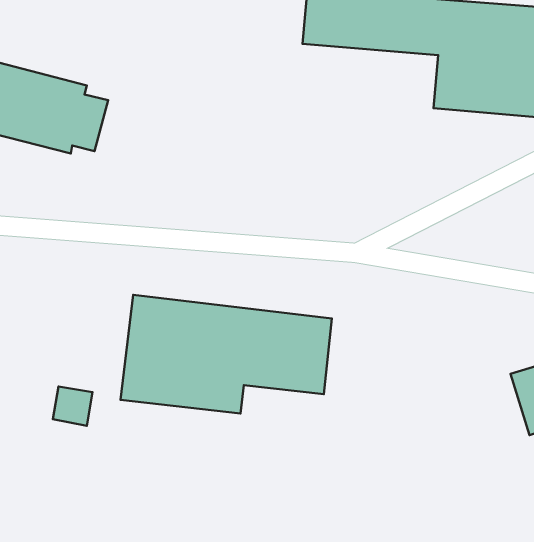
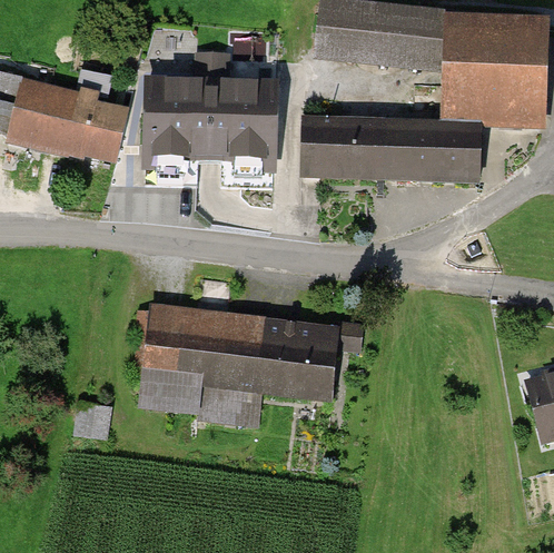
building: none -> [136,50,273,171]
building: none -> [304,120,485,184]

